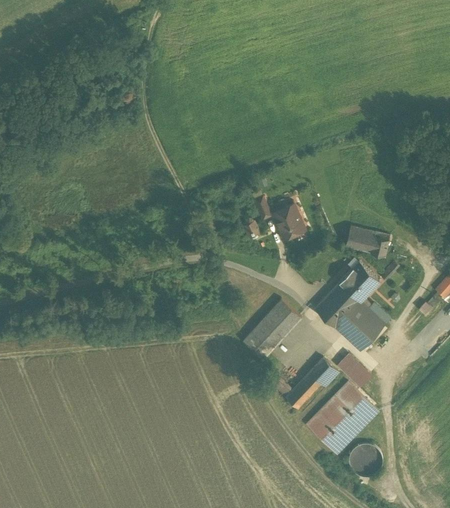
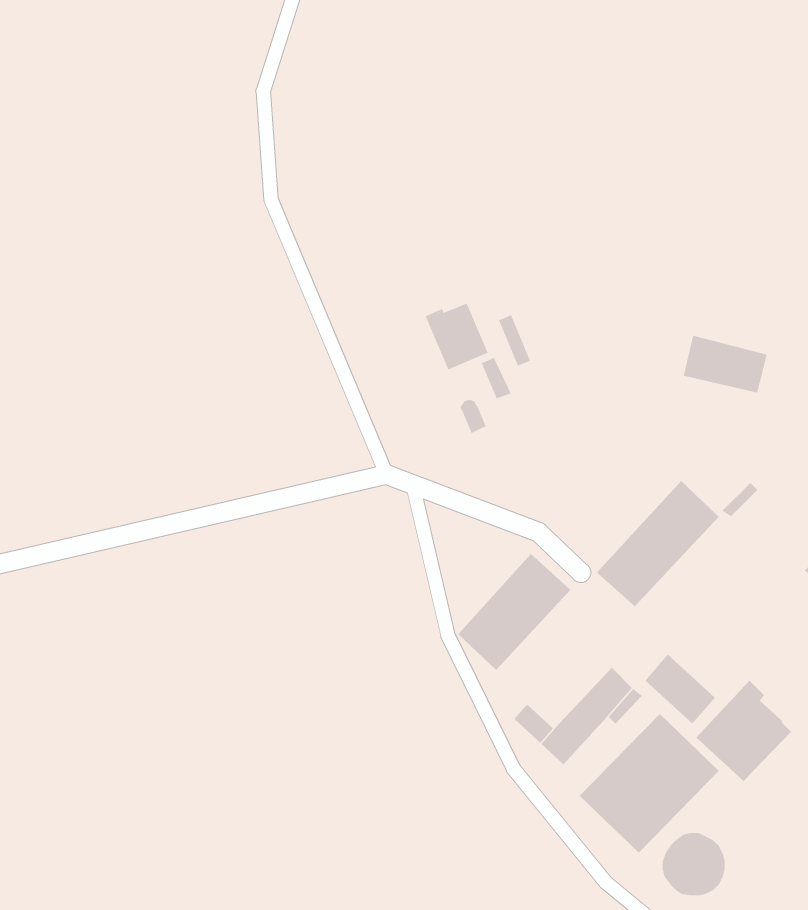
building: [272,204,305,239] -> [425,303,488,370]
building: [346,226,390,256] -> [683,335,768,393]
building: [335,297,385,350] -> [696,680,792,782]

